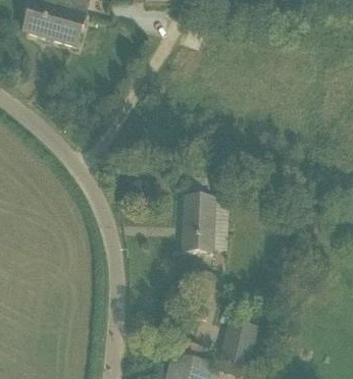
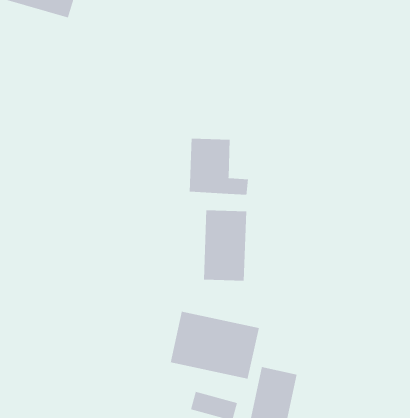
building: none -> [189,138,248,196]
building: none -> [170,311,259,380]

